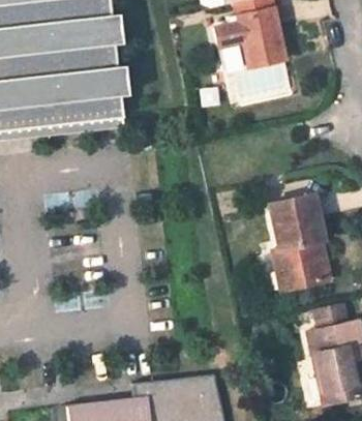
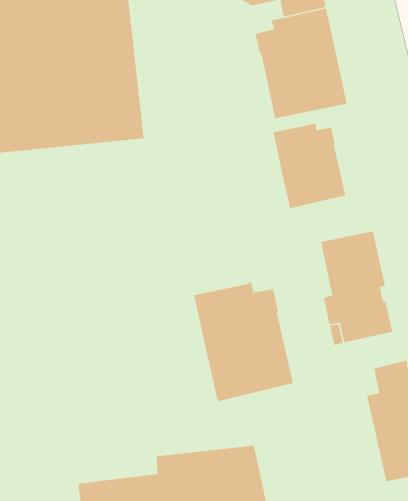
building: none -> [272,122,346,209]
building: none -> [193,282,294,402]

